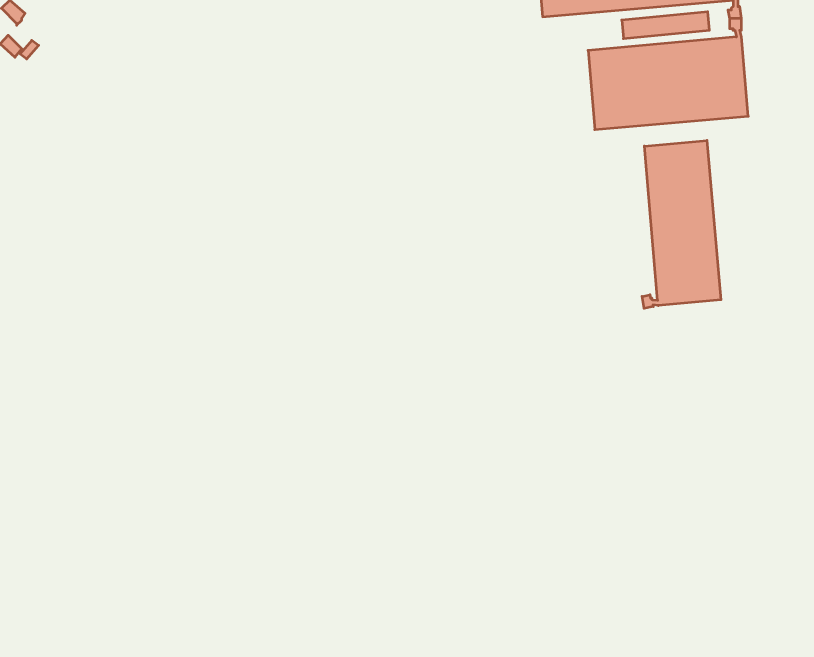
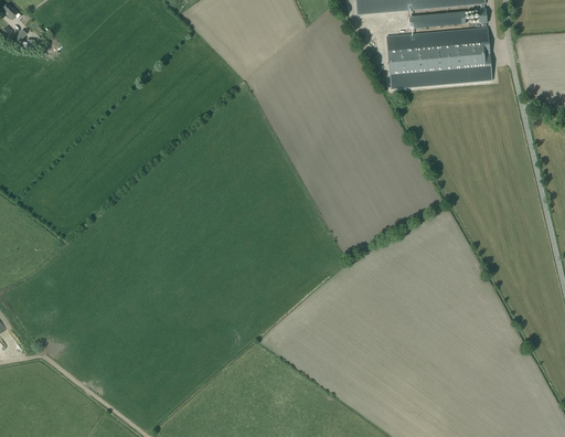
building: [642,140,721,308] -> none

